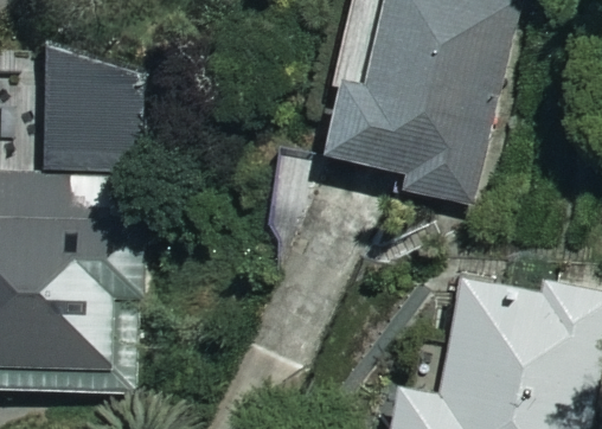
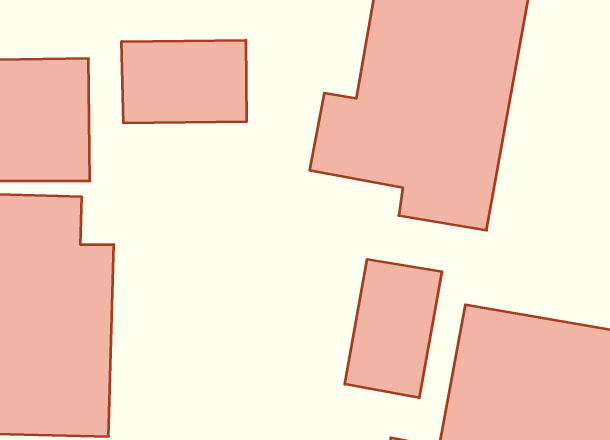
building: none -> [122,40,246,123]
building: none -> [345,259,442,398]

